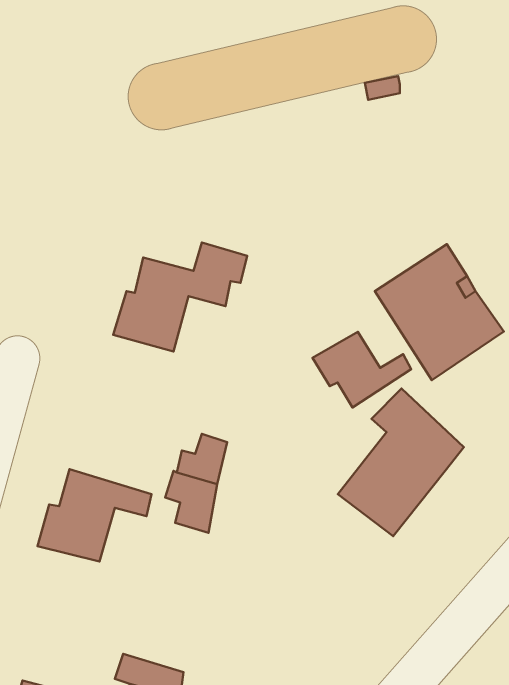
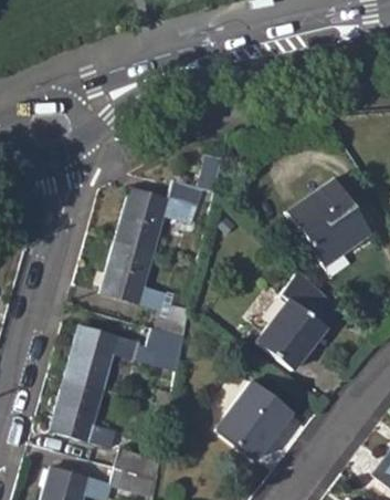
building: [313,332,411,407] -> none
building: none -> [104,239,164,306]
building: none -> [54,378,114,446]
building: none -> [221,383,297,465]

